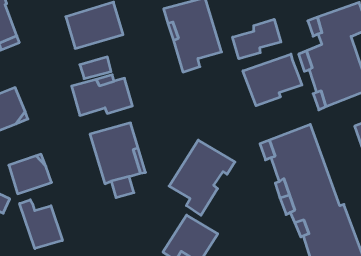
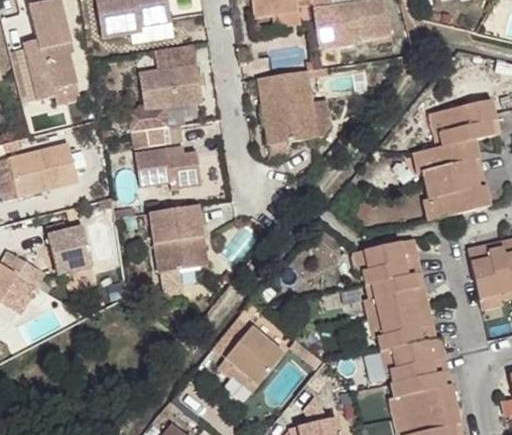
building: [233,19,281,59] -> none
building: [243,54,302,106] -> none
building: [169,140,235,215] -> none
building: [20,200,62,249] -> none

